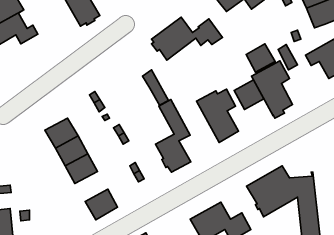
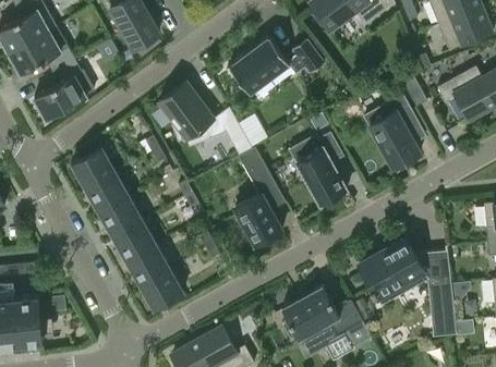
building: none -> [34,60,86,121]
building: [246,44,275,72] -> none
building: none -> [159,83,214,147]
building: [234,80,264,109] -> none
building: none -> [71,148,116,189]
building: none -> [125,245,170,285]

